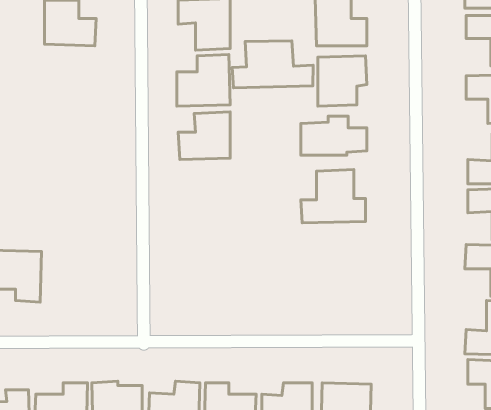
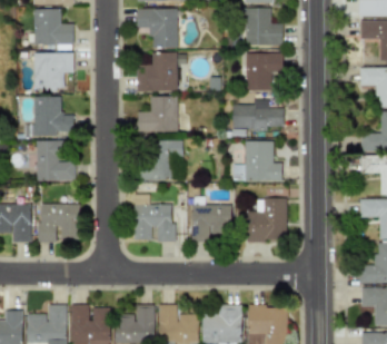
building: [232,41,313,88] -> none
building: none -> [34,52,75,89]
building: none -> [23,96,75,136]
building: none -> [37,140,76,181]
building: none -> [142,140,183,180]
building: none -> [133,195,175,240]
building: none -> [247,198,287,242]
building: none -> [39,204,80,243]
building: none -> [191,204,232,242]

